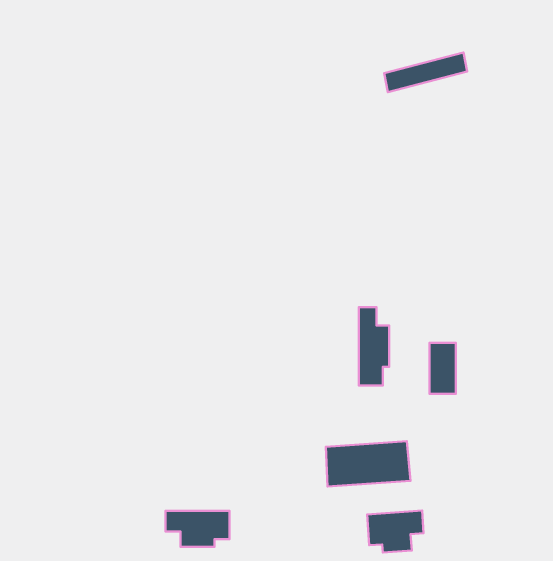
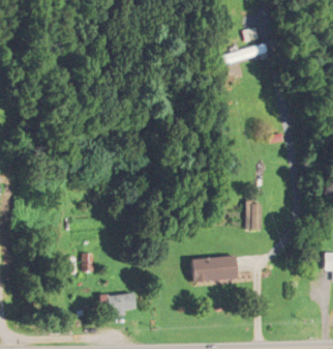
building: [359,307,389,385] -> none
building: [367,511,424,553] -> none

